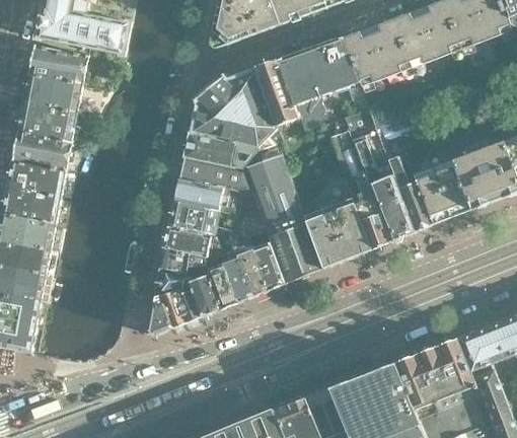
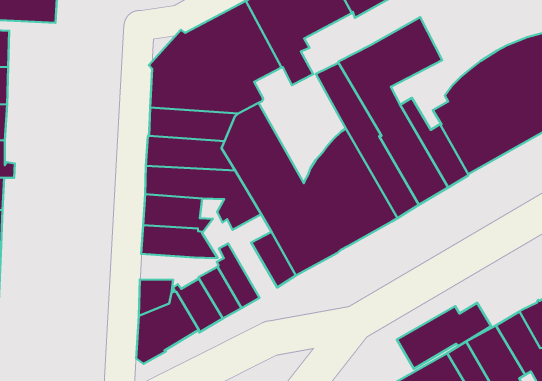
building: [235,245,269,296] -> none
building: [161,247,208,272] -> none
building: none -> [397,303,491,369]

